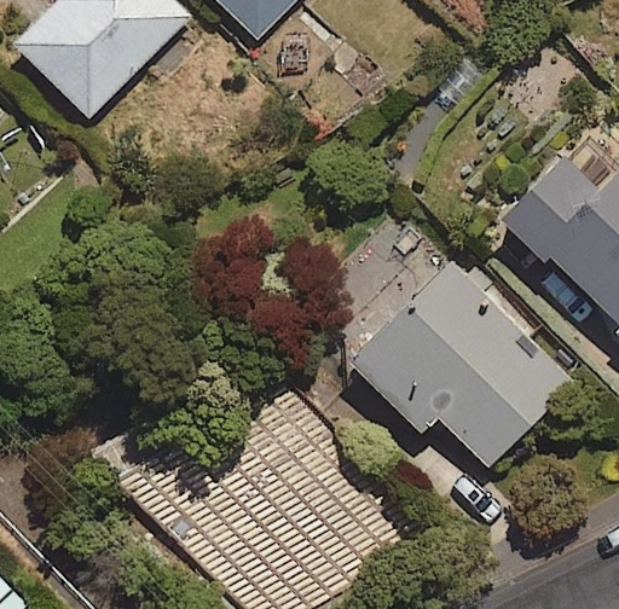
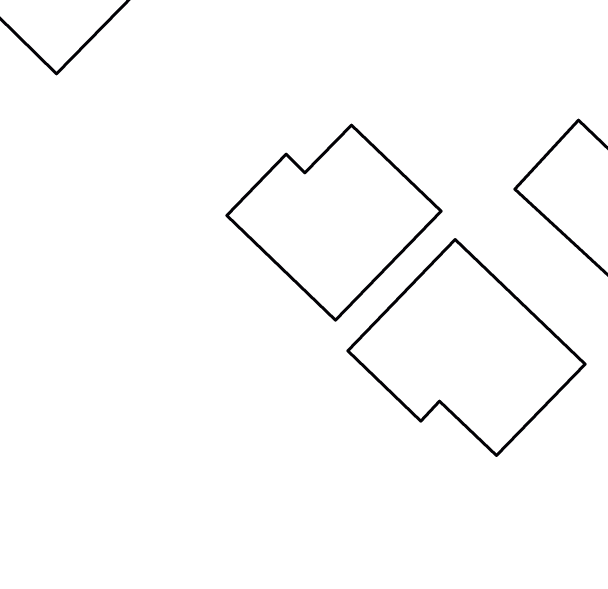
building: none -> [227,125,441,320]

